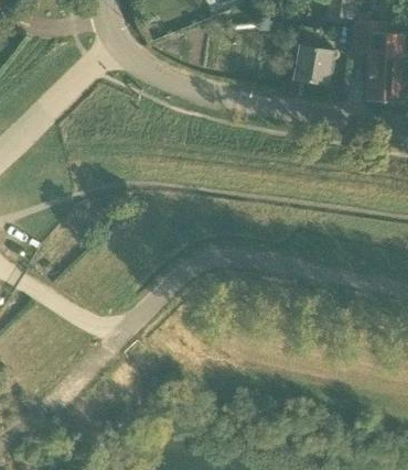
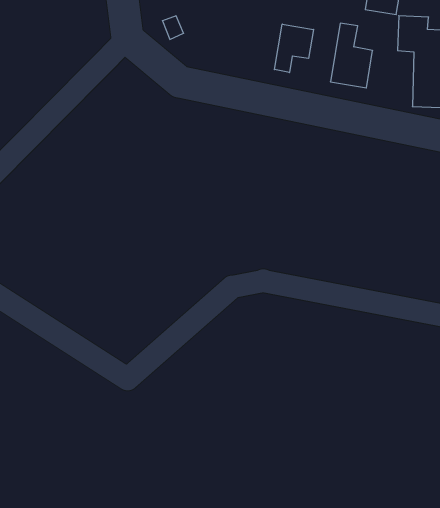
building: none -> [274,24,314,73]

